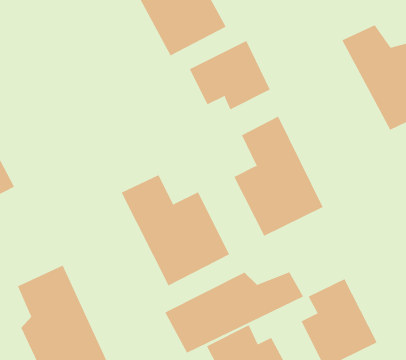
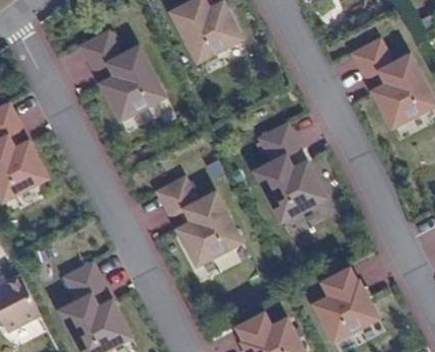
building: none -> [77,27,169,127]
building: [189,40,270,110] -> none
building: [164,271,304,354] -> none

